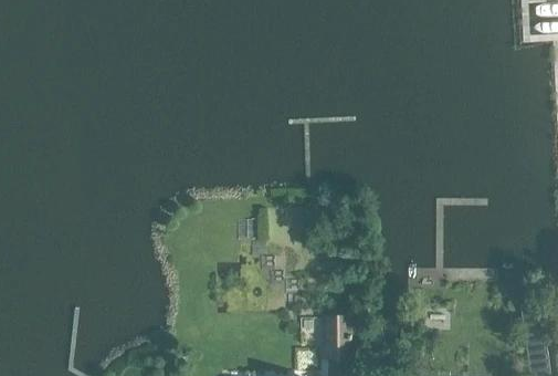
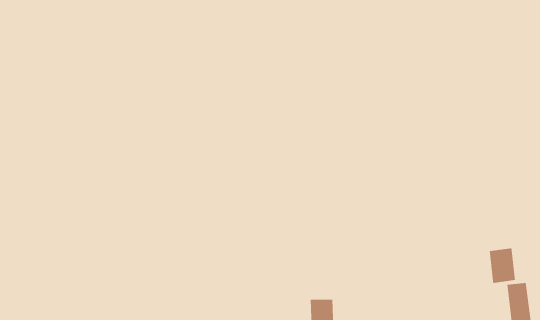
building: none -> [489,247,516,284]

